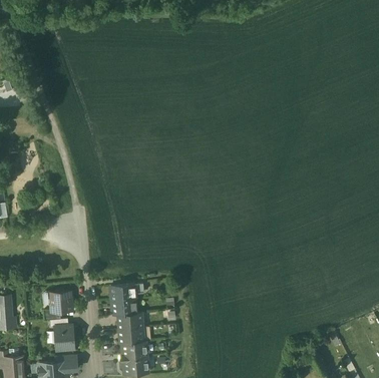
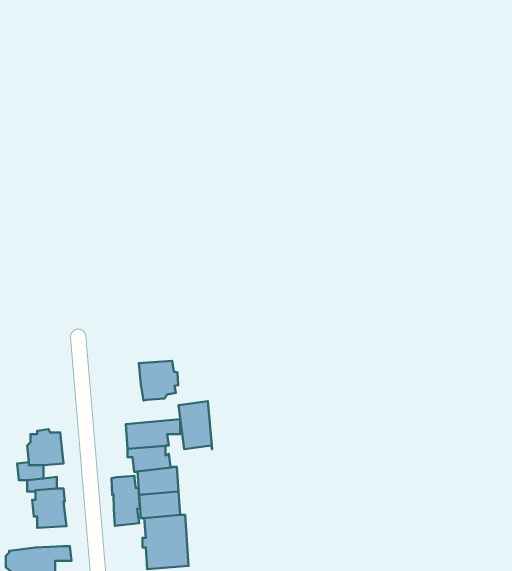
building: none -> [139,361,178,400]
building: none -> [179,401,212,449]
building: none -> [111,476,140,526]

